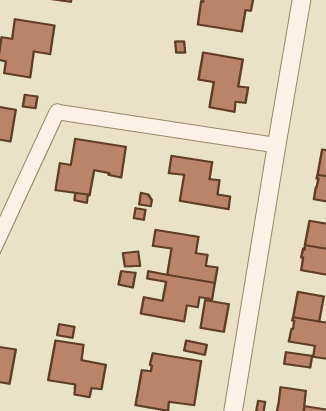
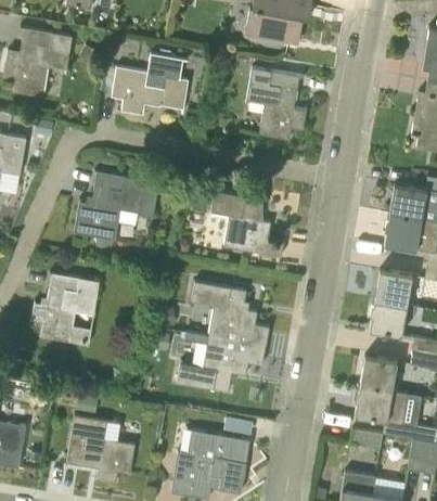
building: none -> [112,53,188,112]
building: none -> [31,273,100,345]
building: [200,300,229,332] -> none

